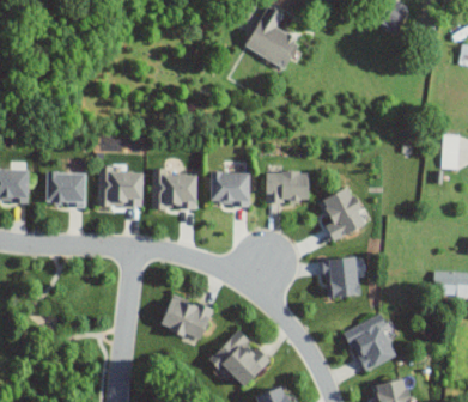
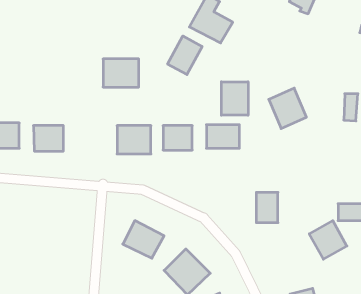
building: none -> [168,36,202,75]
building: none -> [221,82,248,115]
building: [98,169,144,205] -> [103,59,139,87]
building: [318,187,366,238] -> [269,88,306,129]
building: [350,322,397,371] -> [309,221,347,259]

